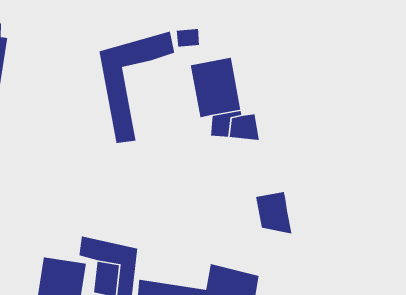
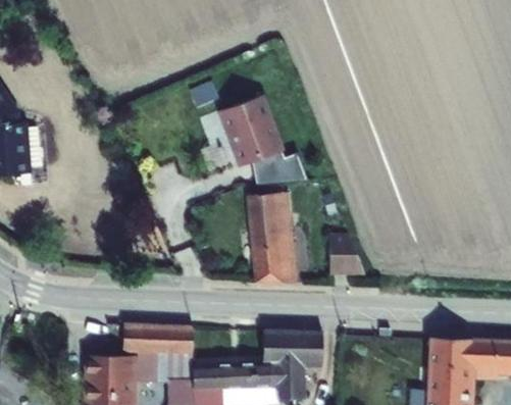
building: [99,30,175,144] -> none
building: none -> [242,201,288,290]

